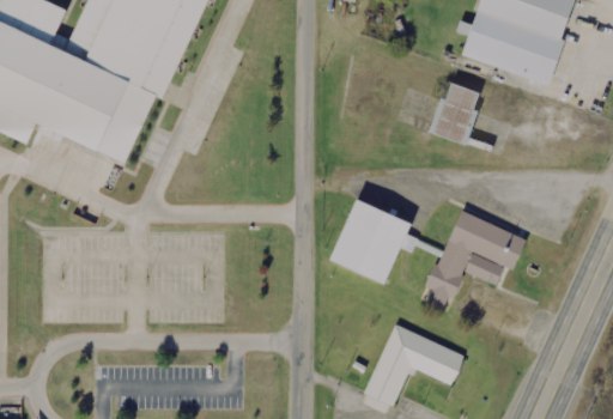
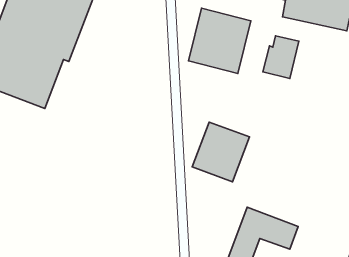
building: none -> [188,8,251,73]
building: [421,213,523,312] -> none

